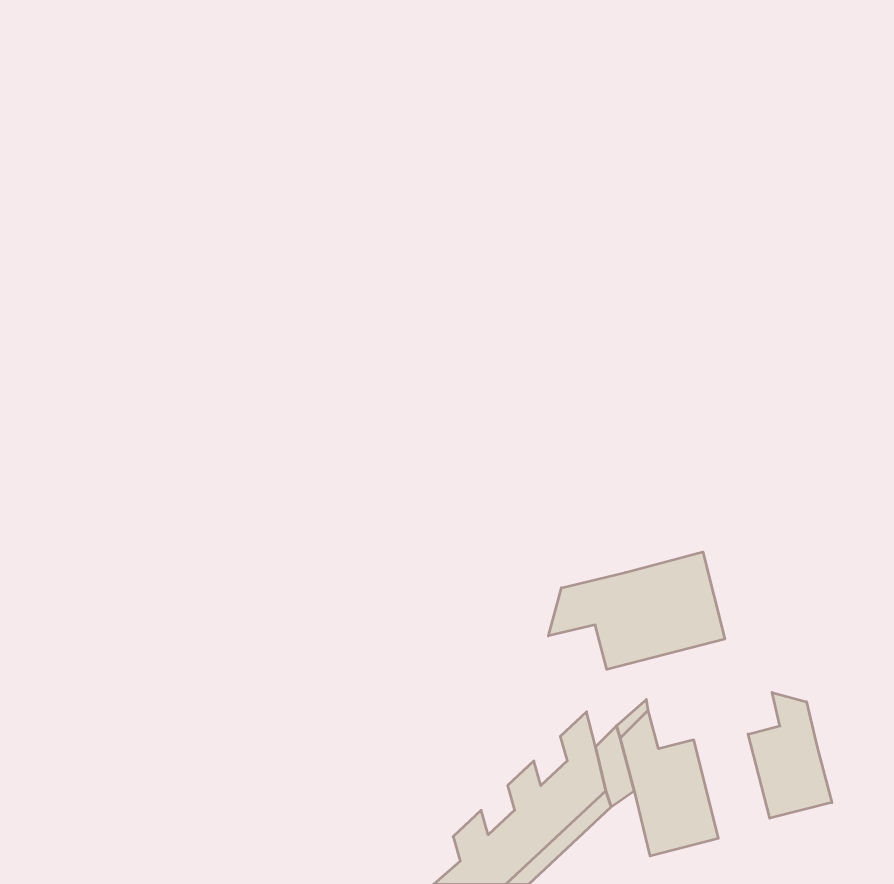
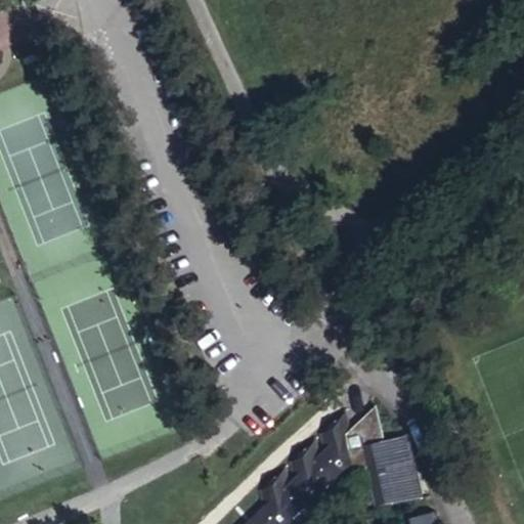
building: [548,552,725,669] -> none
building: [748,692,832,818] -> none

